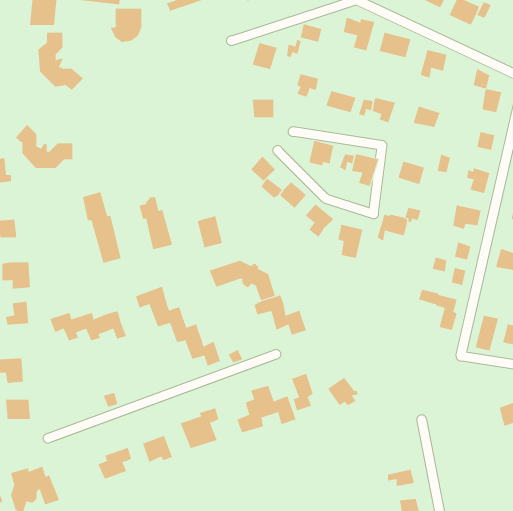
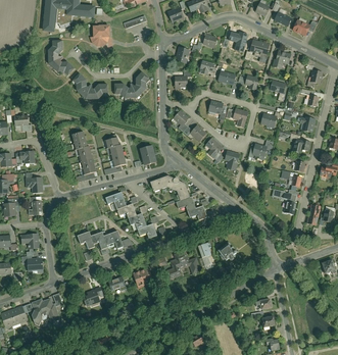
building: none -> [113,69,148,96]
building: [15,124,73,168] -> [71,70,106,97]
building: [50,310,127,341] -> [76,229,122,247]

